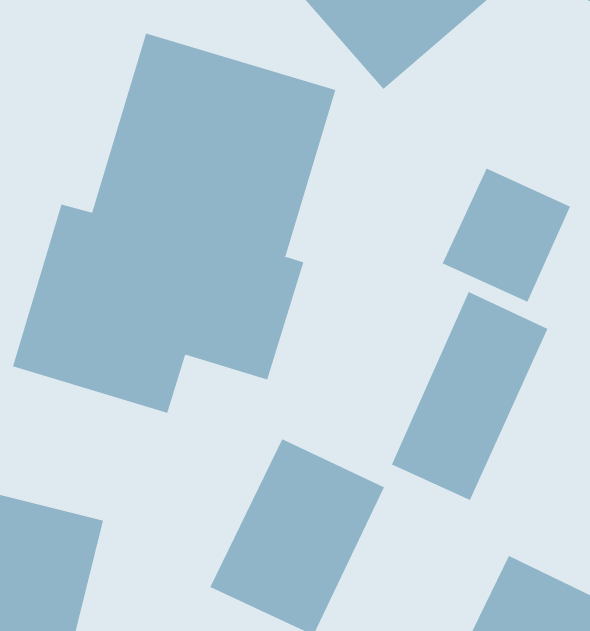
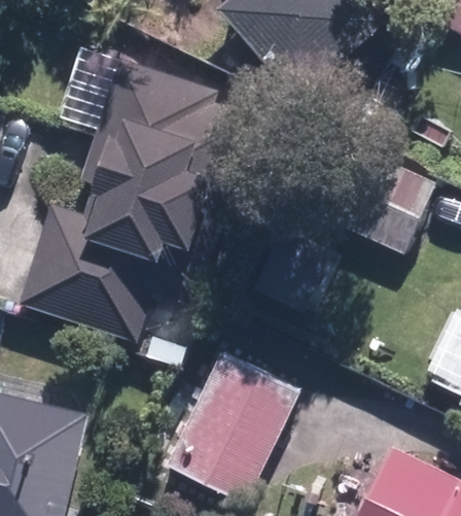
building: [391,291,548,501] -> none

